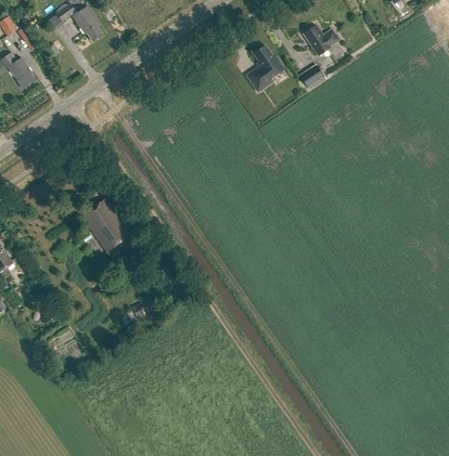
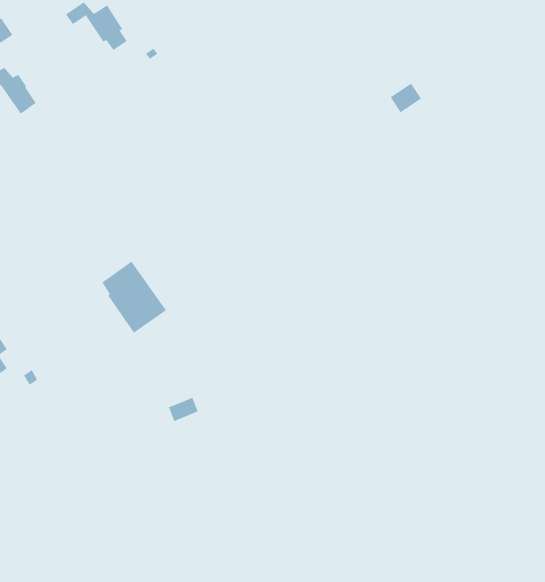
building: [303,25,338,55] -> none
building: [246,44,283,91] -> none

